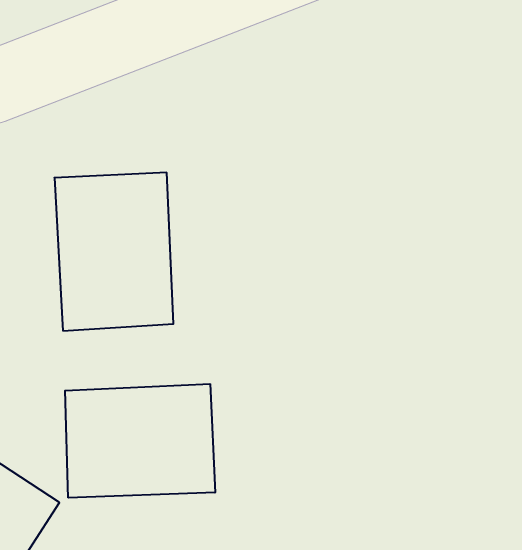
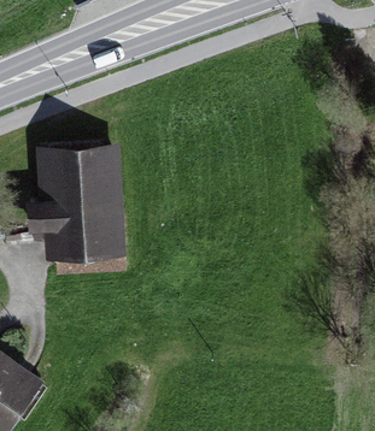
building: [65,384,215,498] -> none

